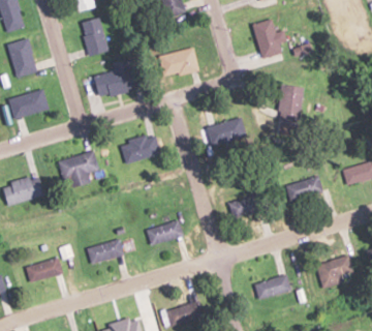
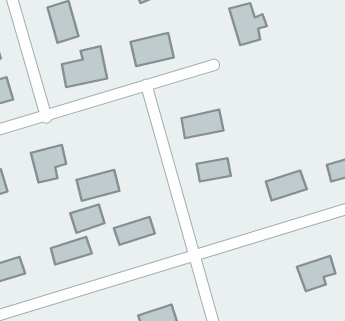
building: [278,86,303,123] -> none
building: [122,134,162,163] -> [76,170,120,201]
building: [230,197,262,218] -> [196,158,231,181]
building: none -> [70,204,105,233]
building: [255,275,291,299] -> none

